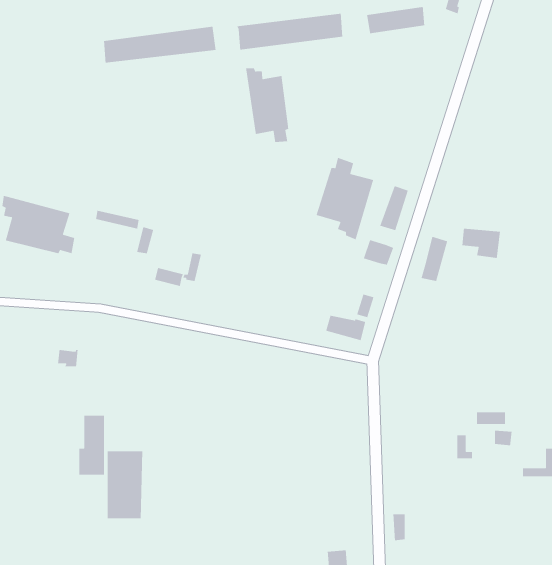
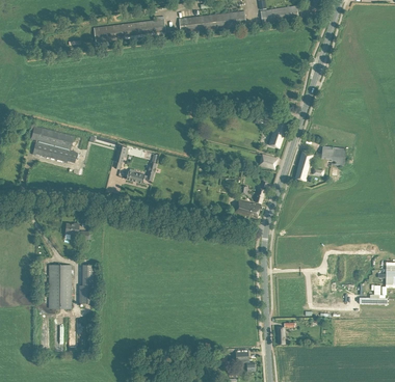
building: [245,67,289,143] -> none
building: [315,157,374,241] -> none
building: [107,450,143,519] -> [48,264,71,307]

